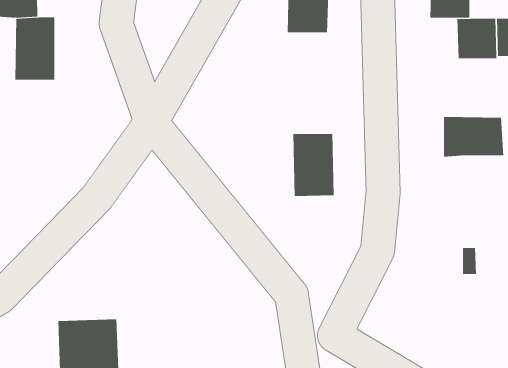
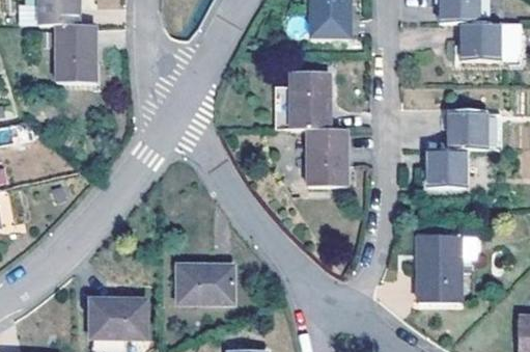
building: none -> [294,70,332,128]
building: none -> [427,148,466,185]
building: none -> [419,233,459,299]
building: none -> [182,262,236,302]

